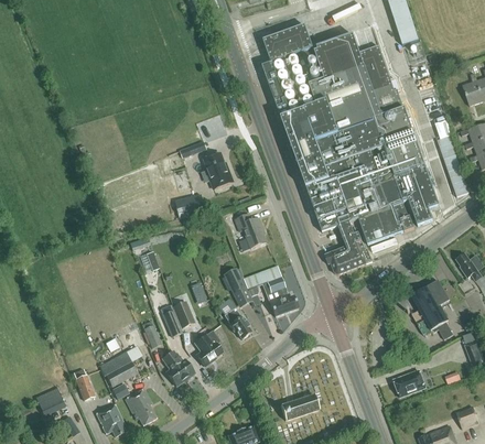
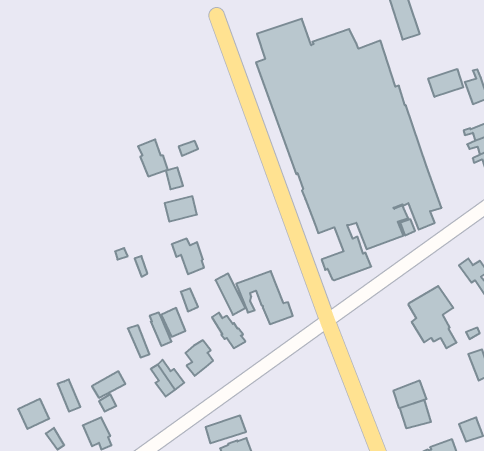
building: none -> [428,69,463,97]
building: [204,152,233,187] -> [138,139,168,176]
building: [235,213,266,247] -> [172,239,204,274]
building: none -> [400,400,431,428]
building: [125,388,157,425] -> none
building: [281,393,320,420] -> [206,416,246,443]

